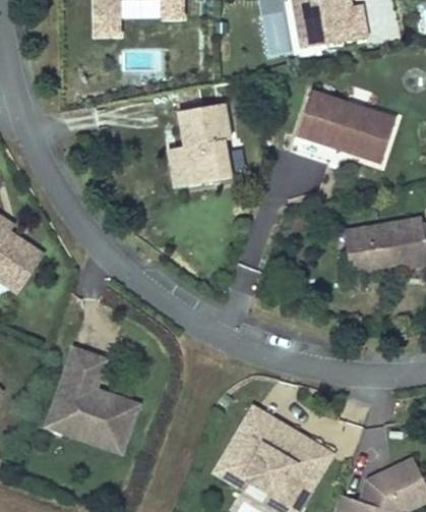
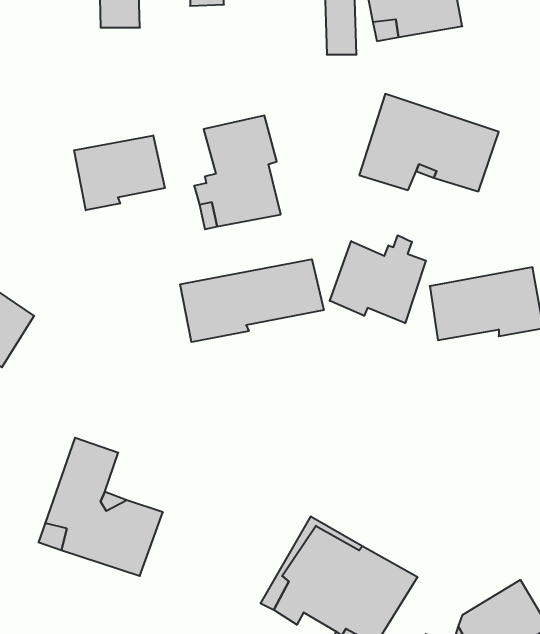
building: none -> [74,135,165,210]
building: none -> [330,235,426,323]
building: none -> [180,259,324,342]

